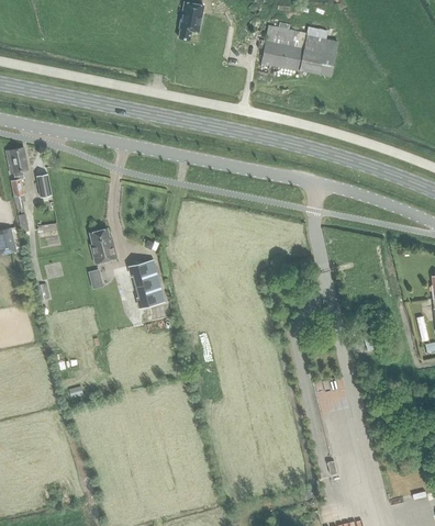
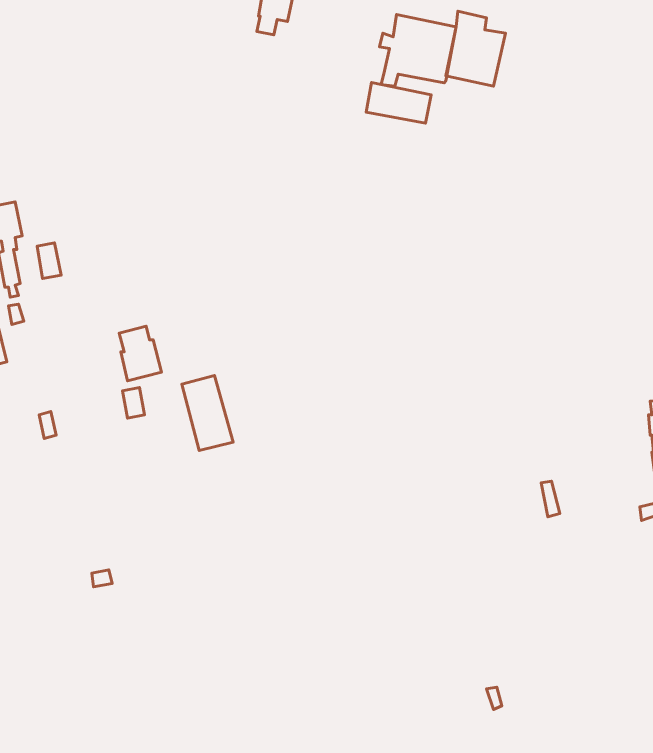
building: none -> [366,82,431,123]

